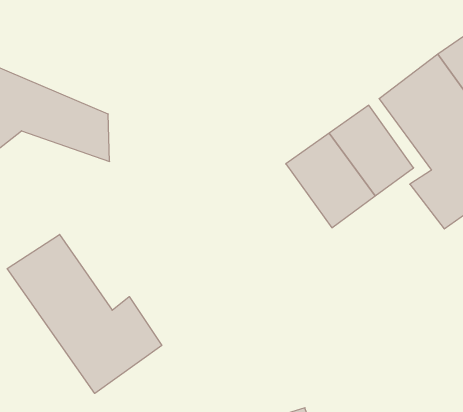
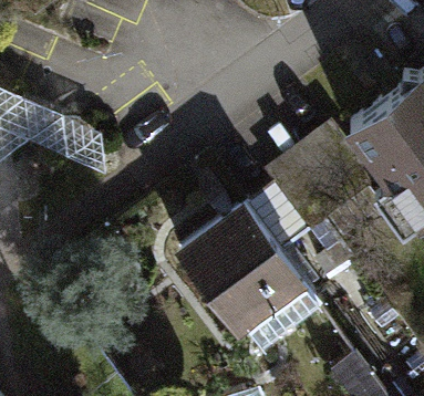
building: none -> [170,208,307,354]
building: [7,234,162,393] -> none

